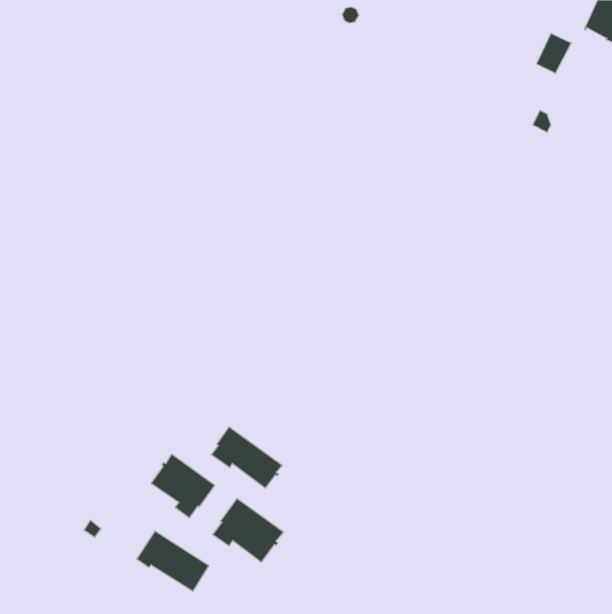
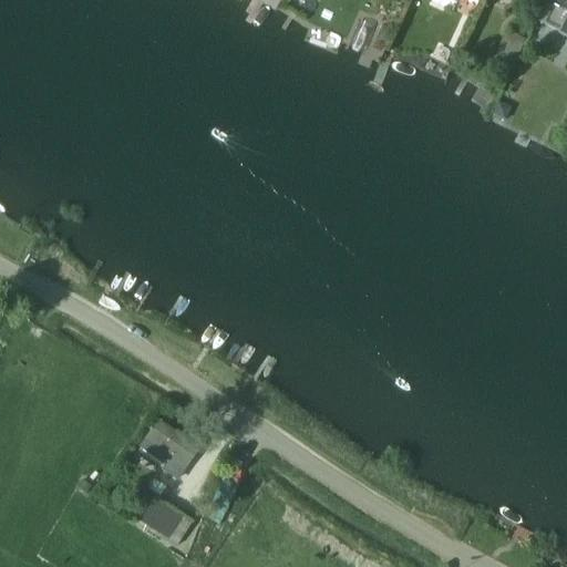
building: [211,427,282,488] -> none
building: [213,498,283,562] -> none

